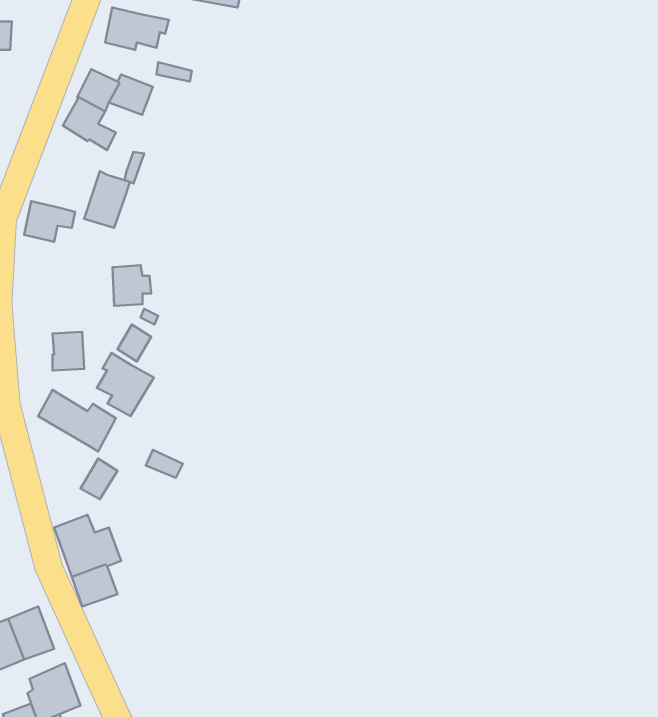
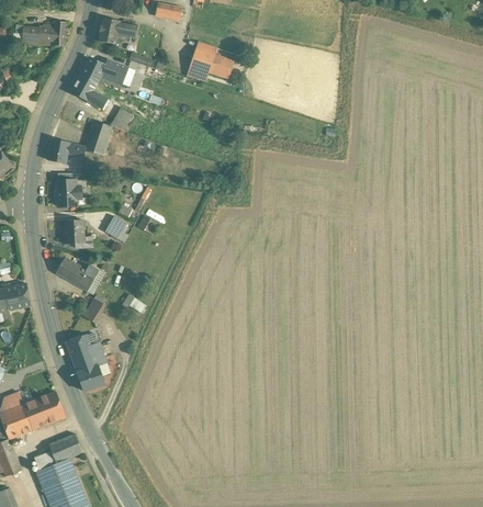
building: none -> [37,21,65,46]
building: none -> [189,42,232,77]
building: [113,265,151,306] -> [56,180,80,205]
building: [97,353,154,416] -> none

